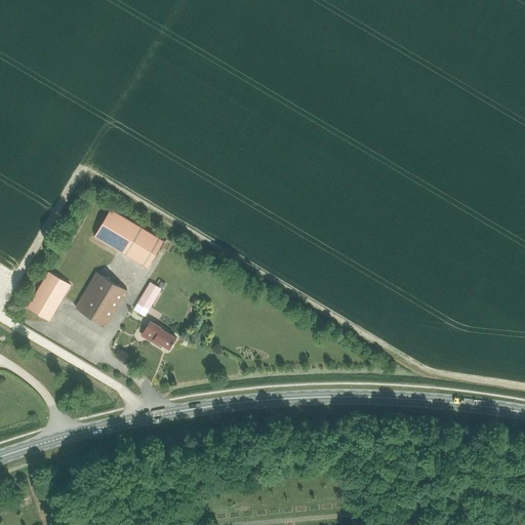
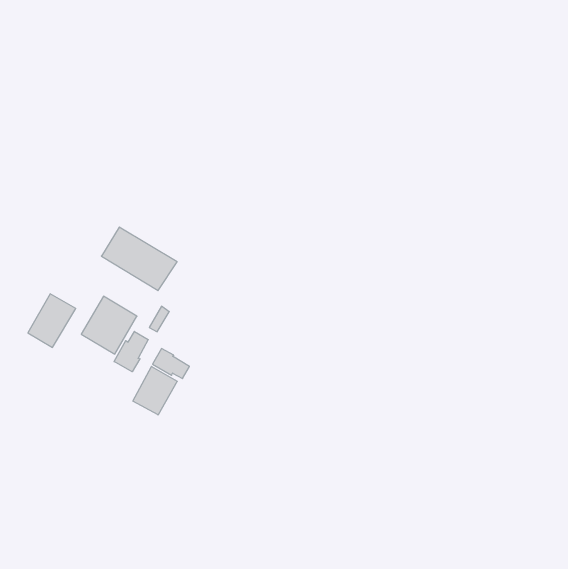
building: none -> [114,331,148,372]
building: none -> [133,366,177,415]

